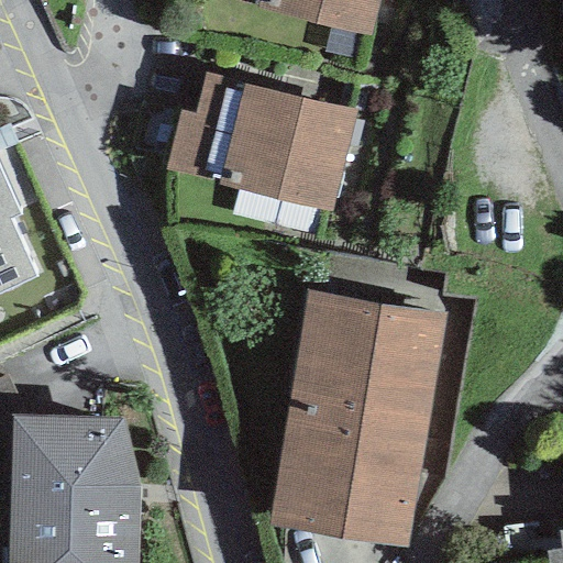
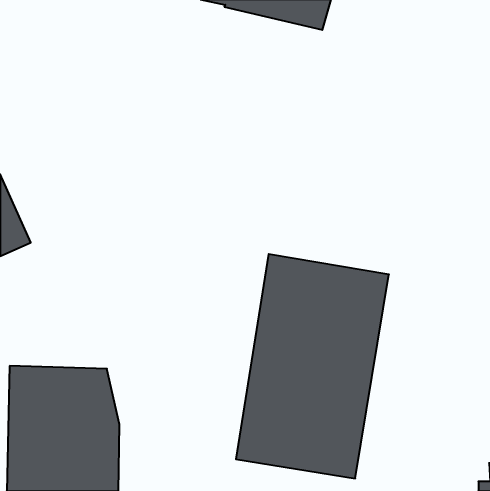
building: [166,74,356,211] -> none

